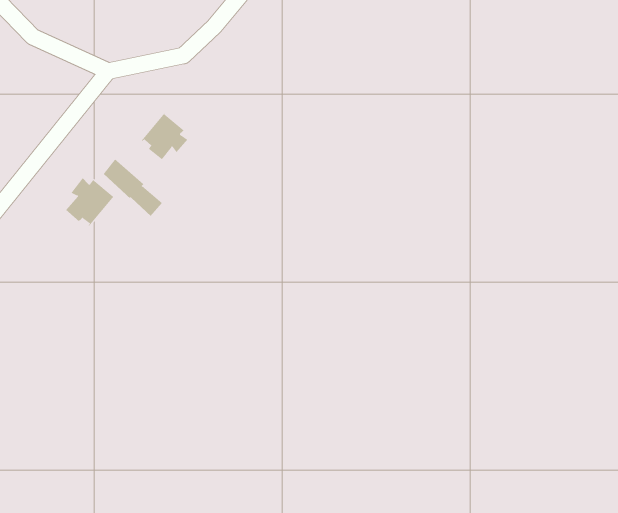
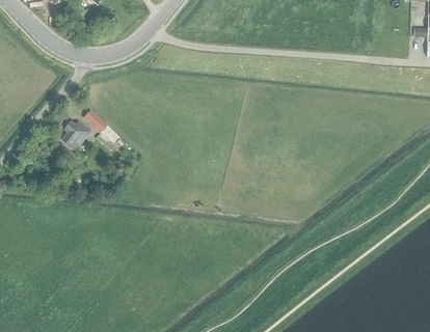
building: [141,112,188,160] -> none

